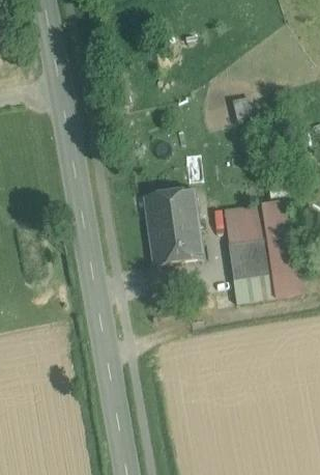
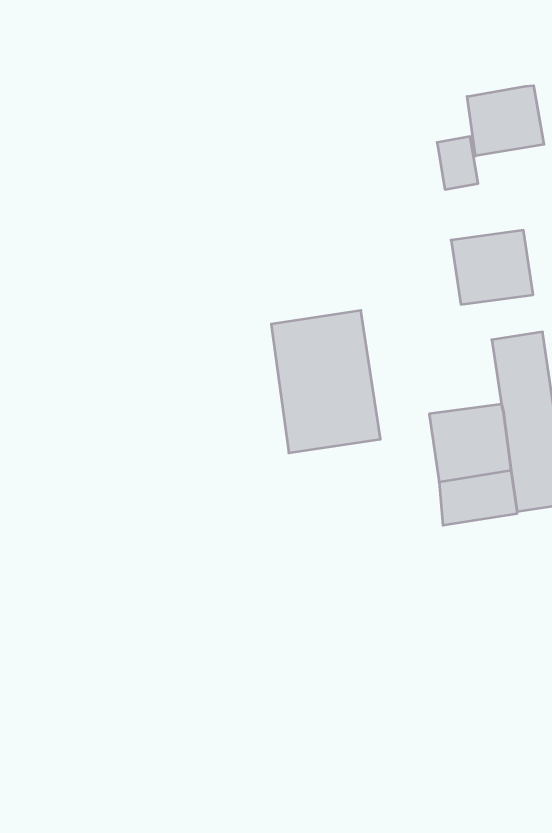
building: none -> [467,86,544,156]
building: [223,204,266,244] -> [451,230,533,304]

